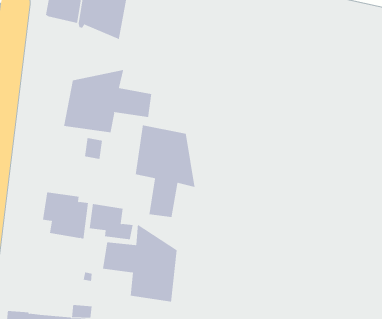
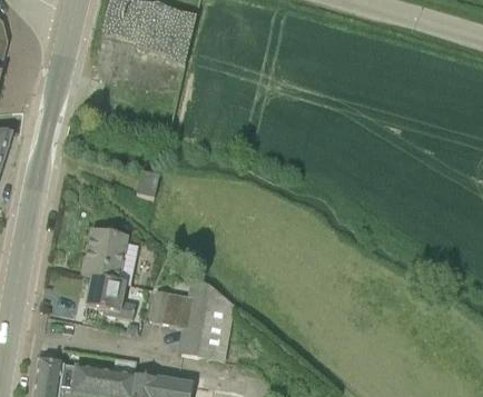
building: [63,69,152,133] -> none
building: [135,124,195,218] -> none
building: [89,204,133,240] -> [86,276,136,319]

